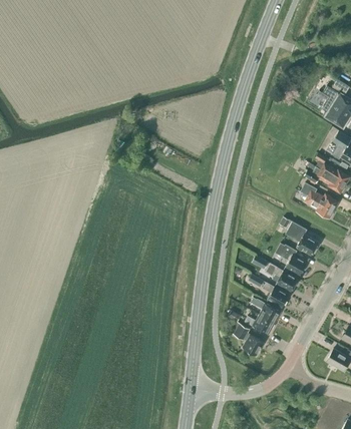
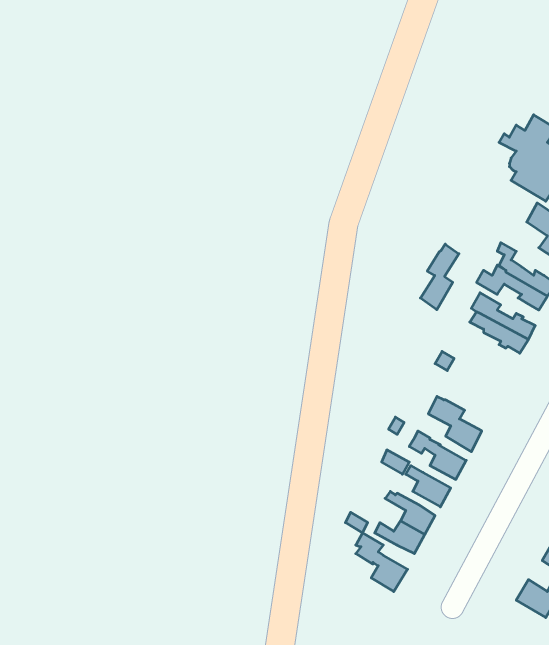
building: none -> [420,244,459,310]
building: [286,222,318,255] -> none

